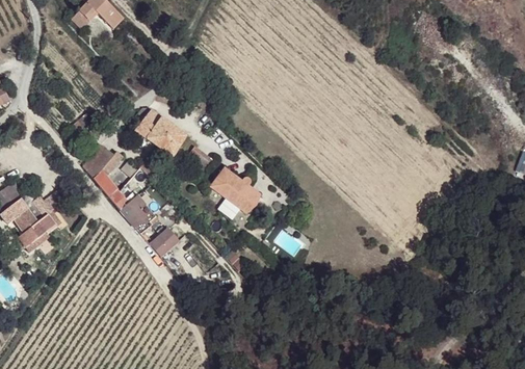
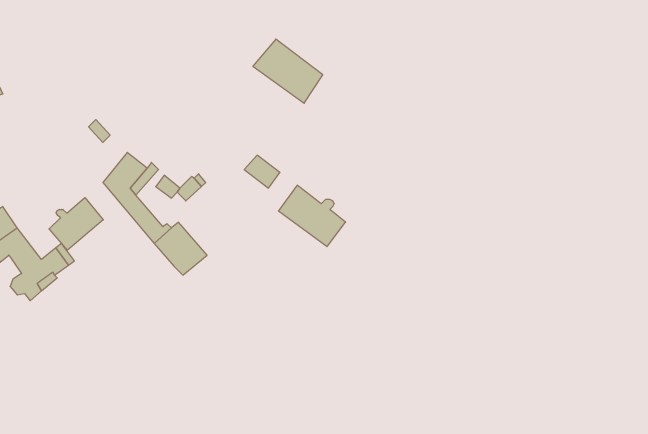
building: [134,109,185,156] -> [253,39,323,103]
building: none -> [49,198,103,250]
building: [150,228,179,255] -> none

